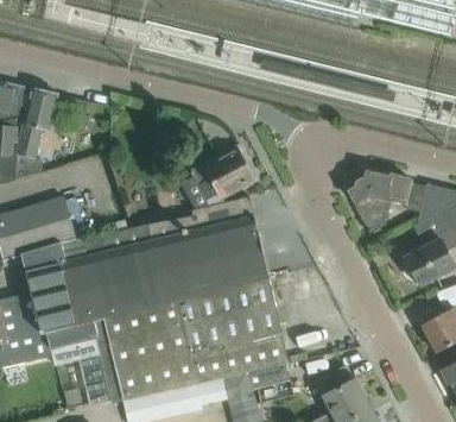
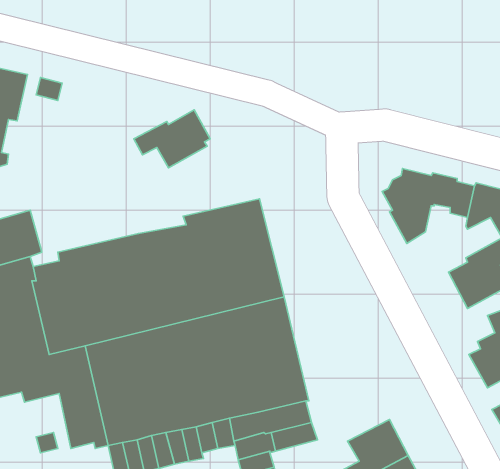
building: [191,147,254,195] -> [134,110,210,168]

